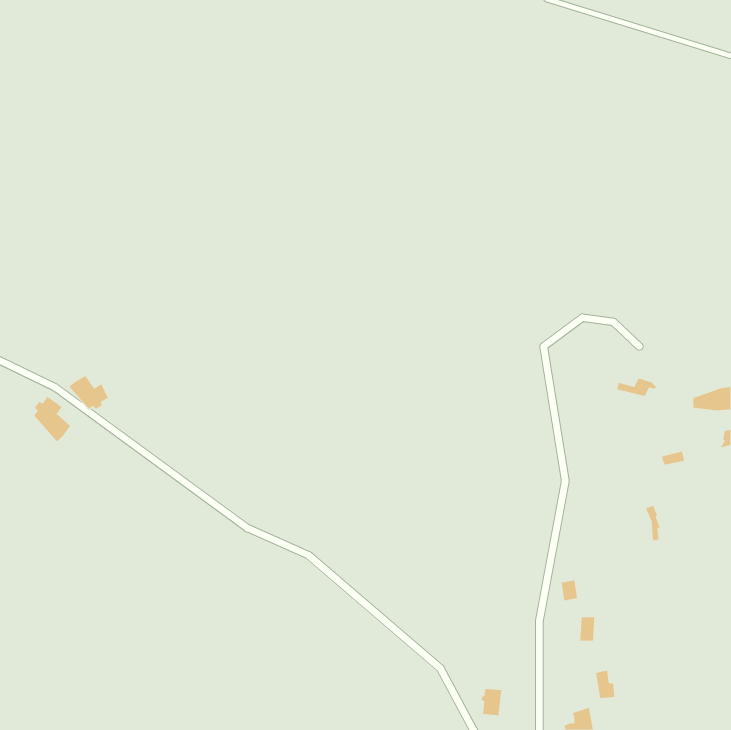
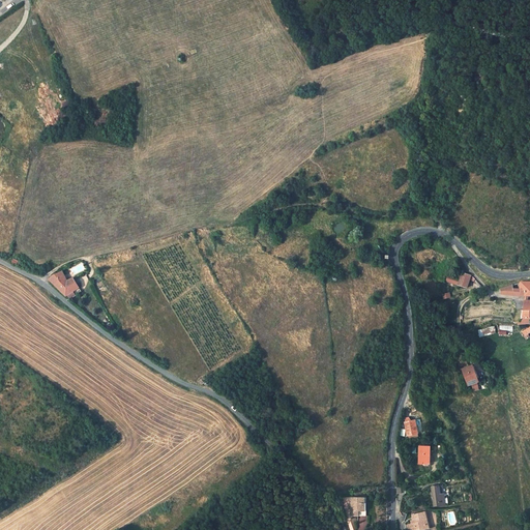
building: [34,396,71,442] -> none

